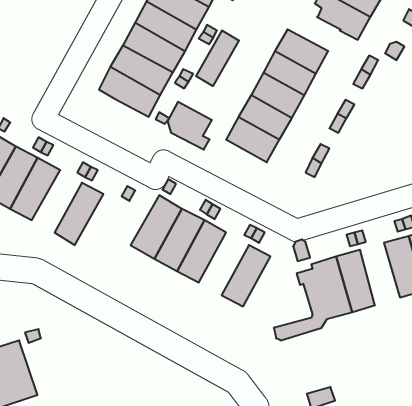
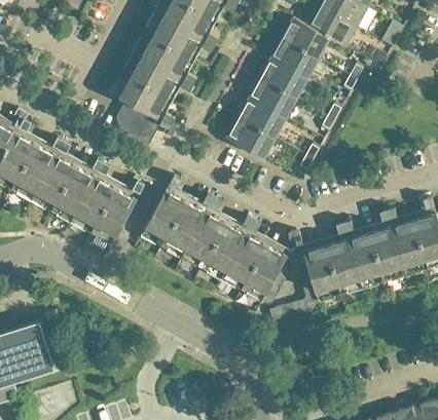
building: none -> [283,15,331,56]
building: [196,30,239,86] -> none
building: [168,102,212,150] -> [117,100,157,143]
building: none -> [51,164,97,221]
building: none -> [90,186,137,243]
building: none -> [203,221,248,277]
building: none -> [349,230,385,287]
building: none -> [243,242,289,302]

